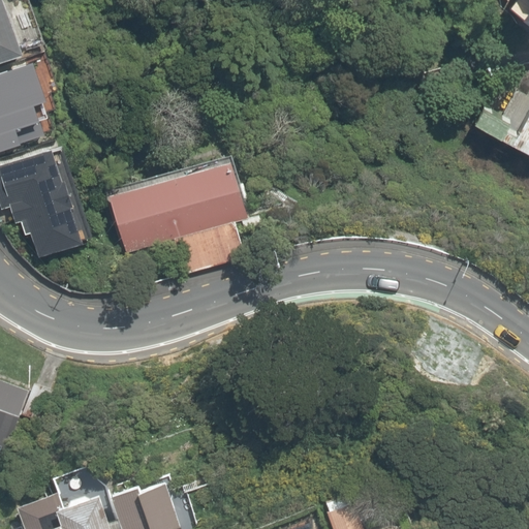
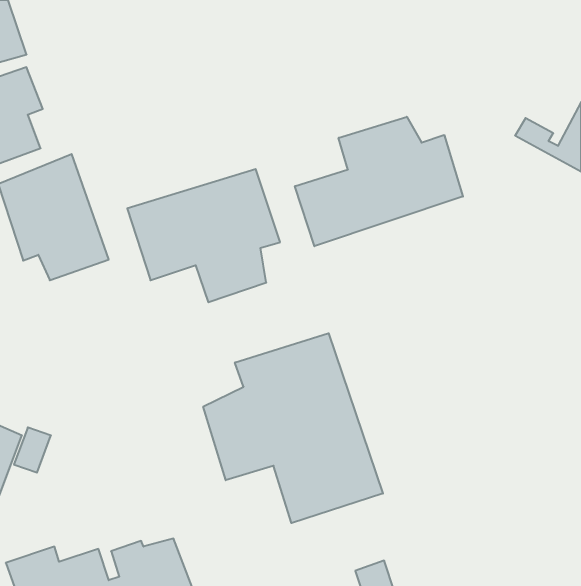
building: none -> [295,117,463,246]
building: none -> [203,333,383,523]

